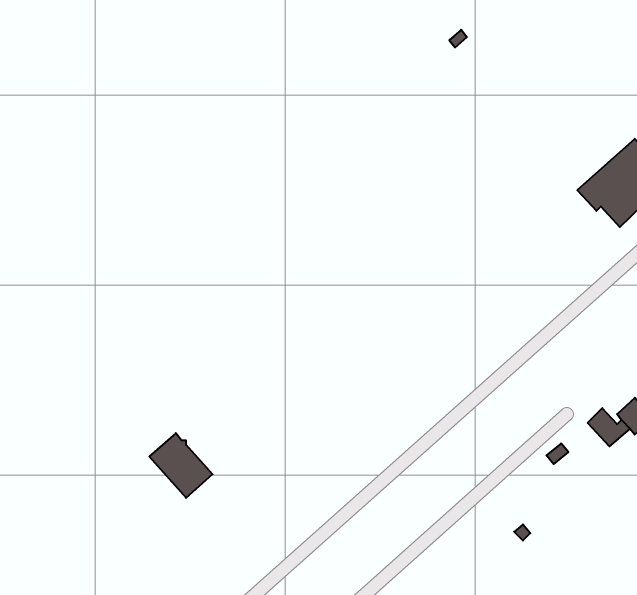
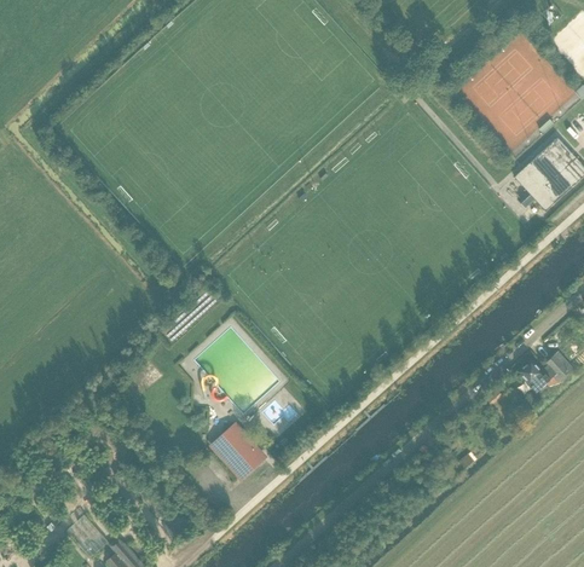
building: [149,433,213,498] -> [213,423,265,476]

